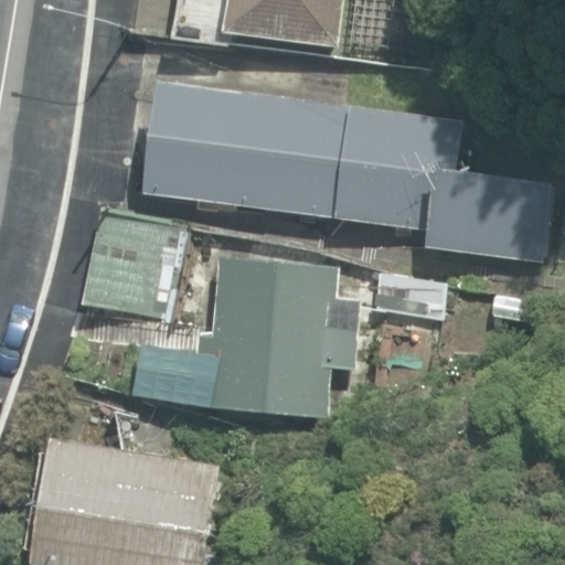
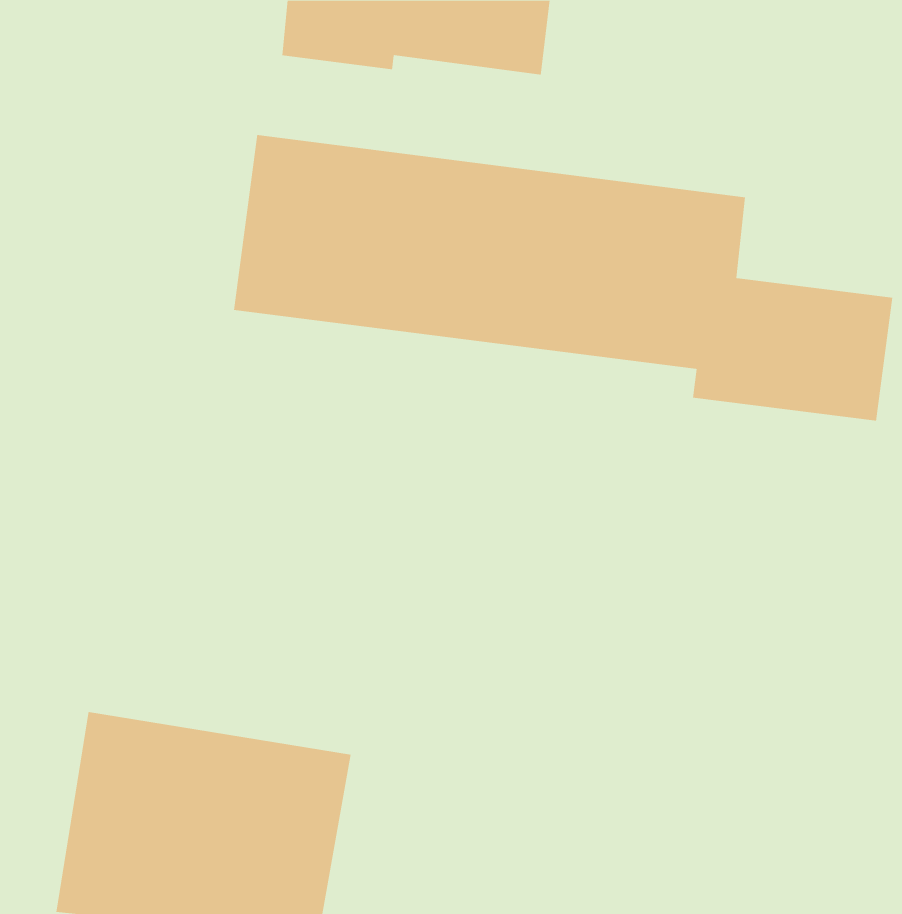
building: [78,210,185,321] -> none
building: [201,254,350,418] -> none

